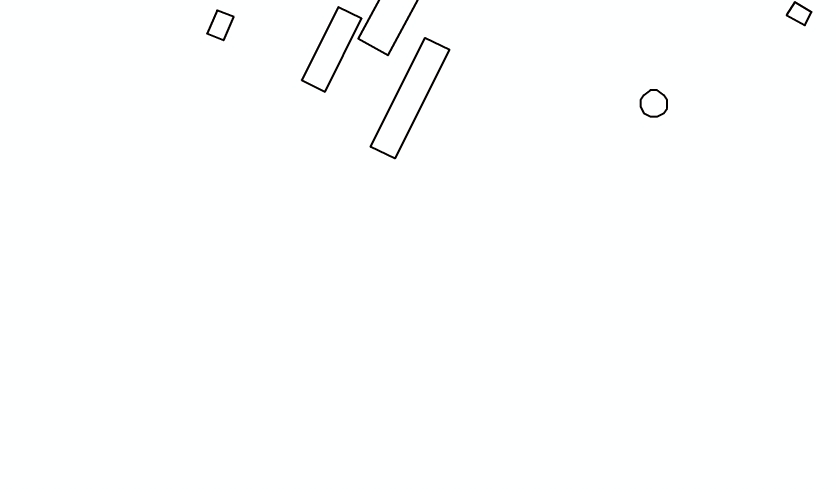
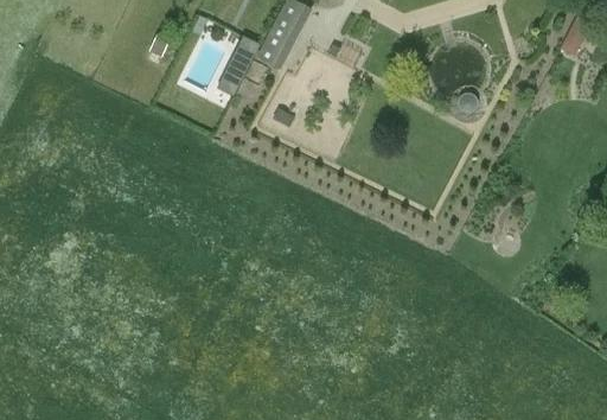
building: [371,38,449,158] -> none

